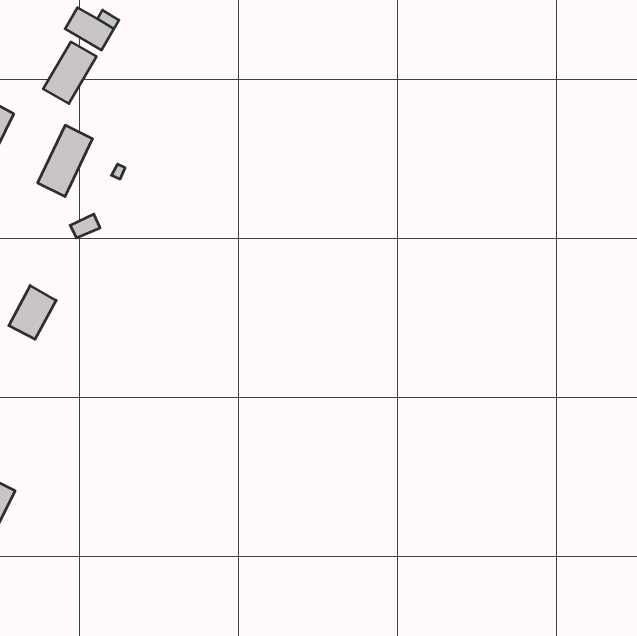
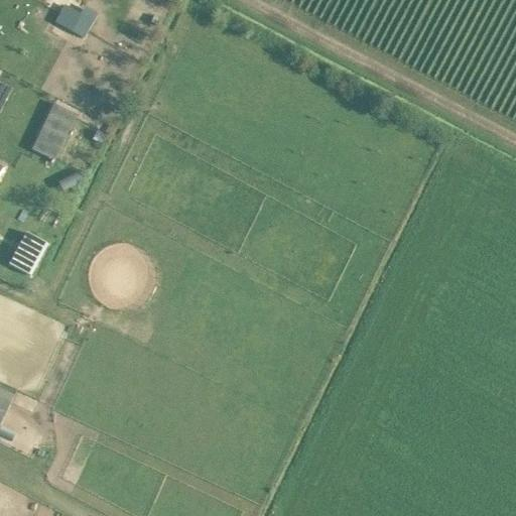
building: [43,42,96,104] -> none

